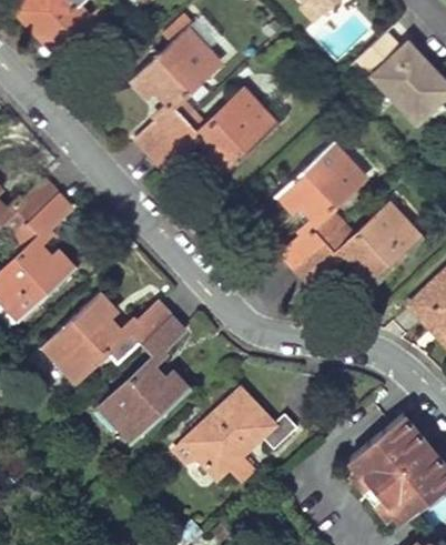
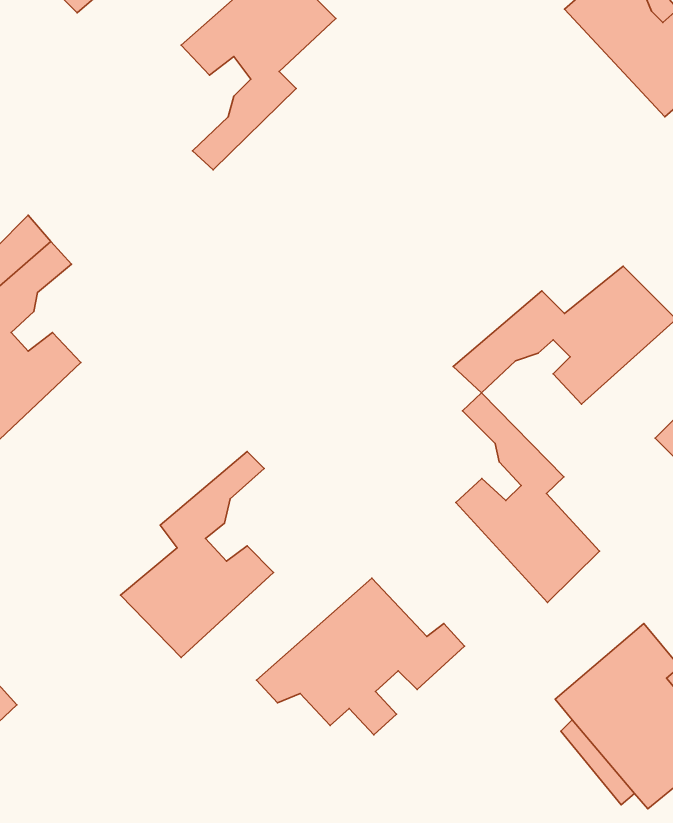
building: [151,90,278,178] -> none
building: [278,142,367,266] -> none
building: none -> [456,393,600,603]
building: [42,289,171,377] -> none

